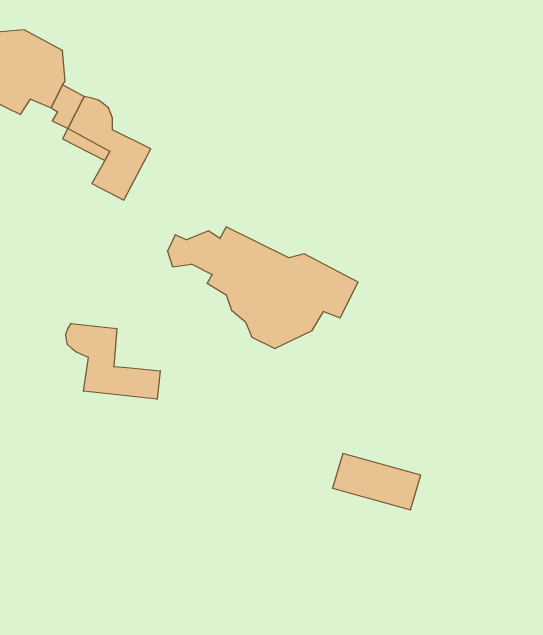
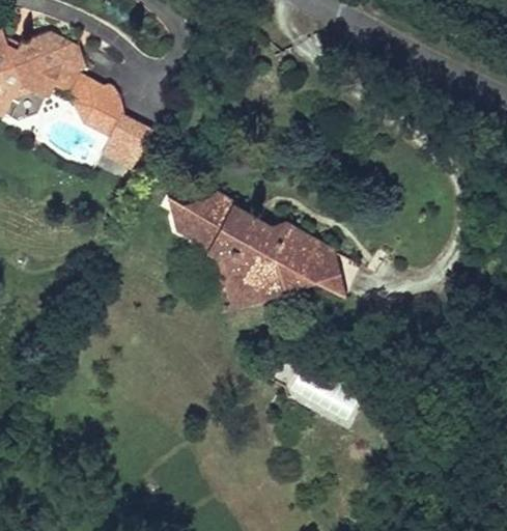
building: none -> [178,223,333,305]
building: [66,323,160,399] -> none

